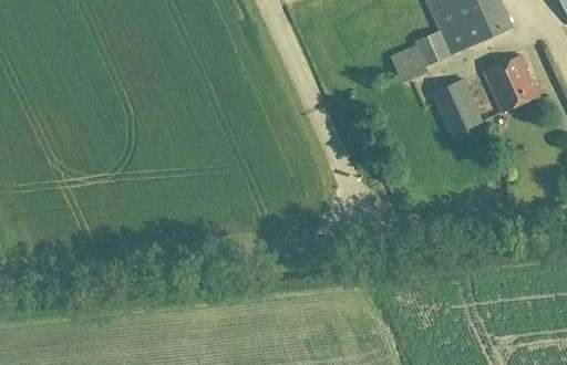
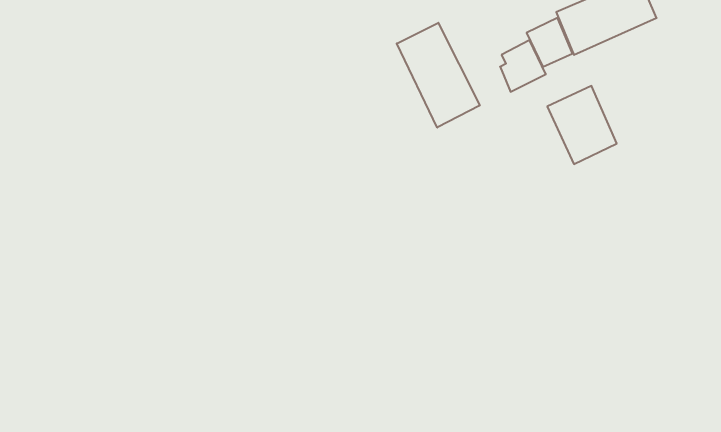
building: none -> [397,23,480,128]
building: [484,54,538,111] -> none

